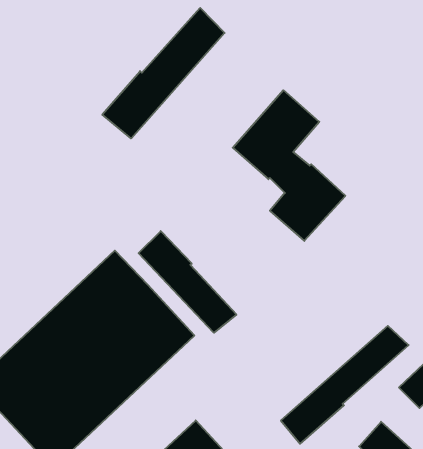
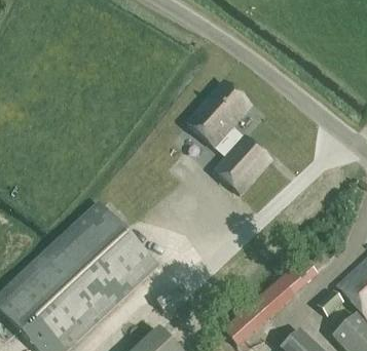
building: [102,8,225,138] -> none
building: [139,231,236,333] -> none

